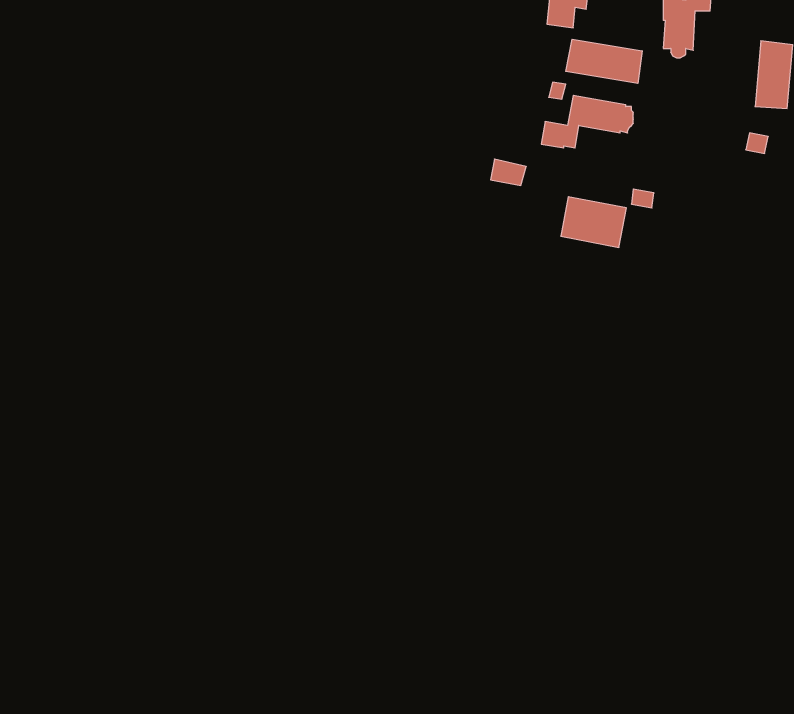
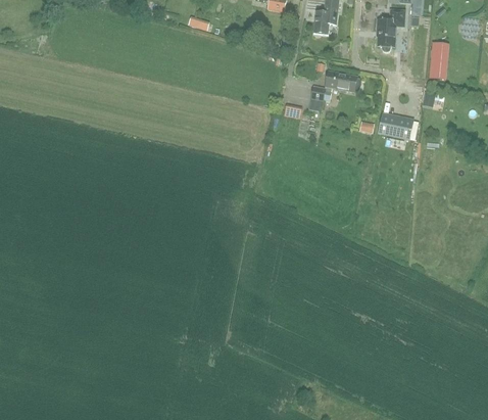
building: [566,39,642,83] -> none
building: [561,197,626,247] -> [379,111,414,139]

